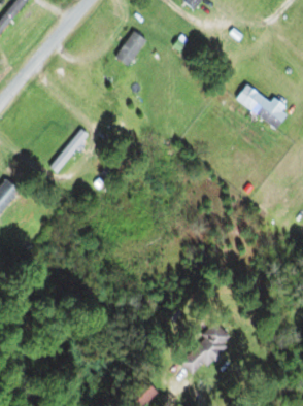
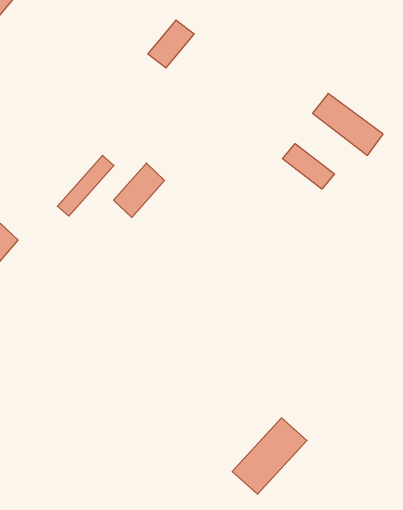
building: none -> [282,144,335,189]
building: none -> [114,163,164,217]

